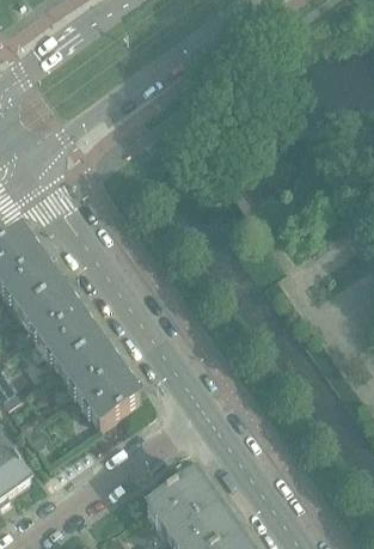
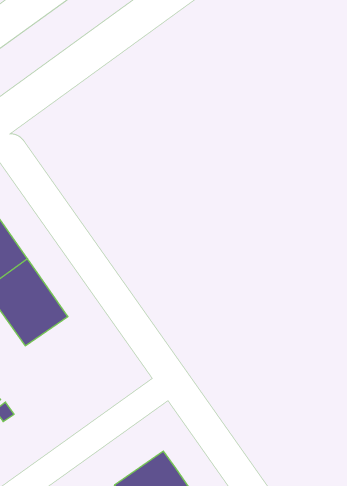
building: [60,338,141,423] -> none

